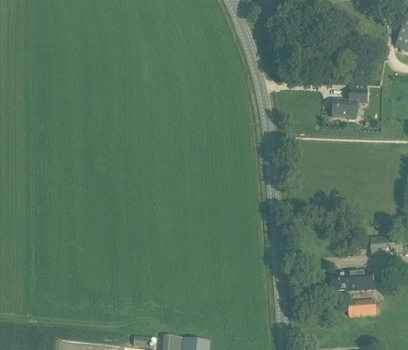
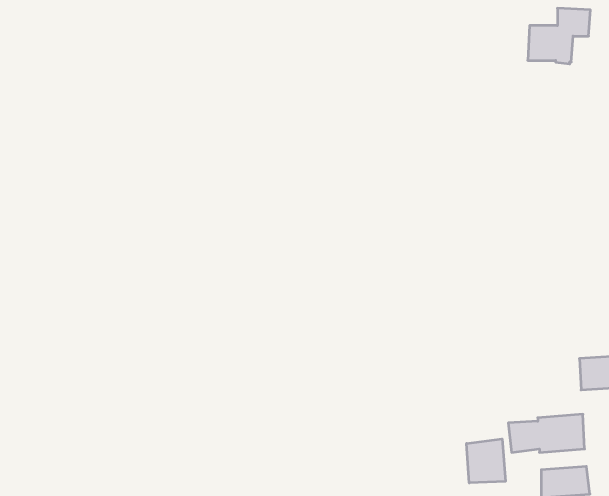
building: [332,88,368,120] -> [528,8,590,64]
building: none -> [467,439,505,483]

